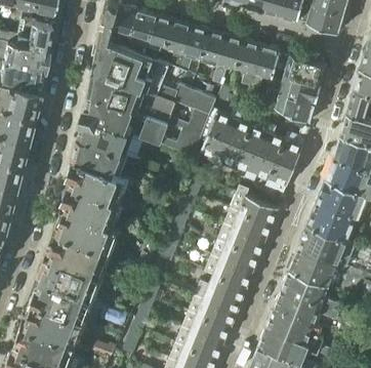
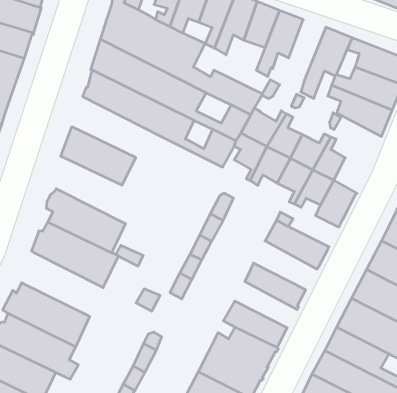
building: [235,41,260,86] -> none
building: [78,114,145,159] -> none
building: [277,129,310,167] -> none
building: [69,161,130,206] -> none
building: [222,209,271,243] -> none
building: [50,234,112,278] -> none
building: [211,241,258,273] -> none

